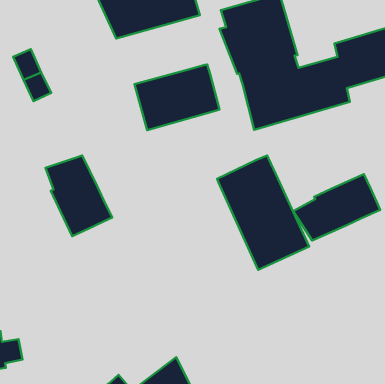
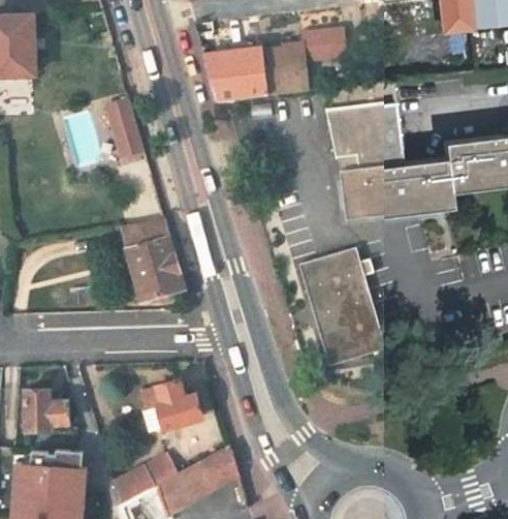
building: [135,64,219,130] -> none
building: [293,174,380,241] -> none
building: none -> [141,379,203,434]

